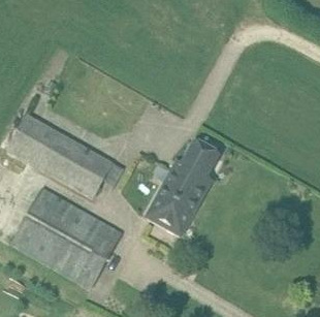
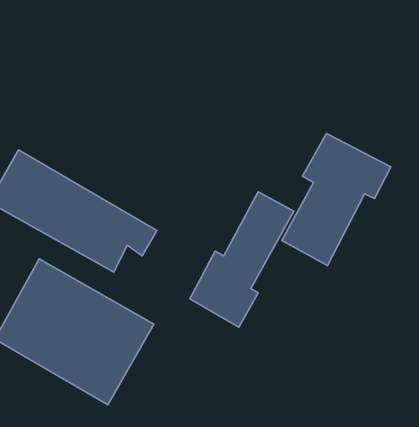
building: none -> [282,133,391,265]

